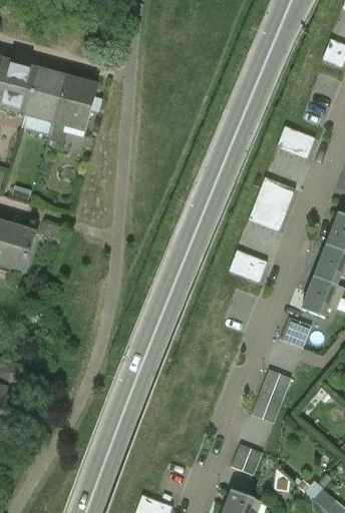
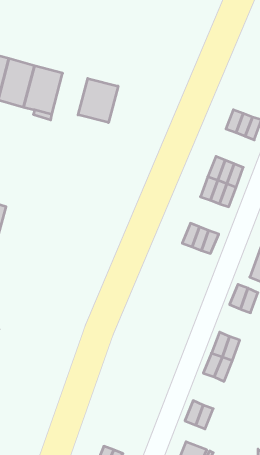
building: none -> [78,78,118,123]

